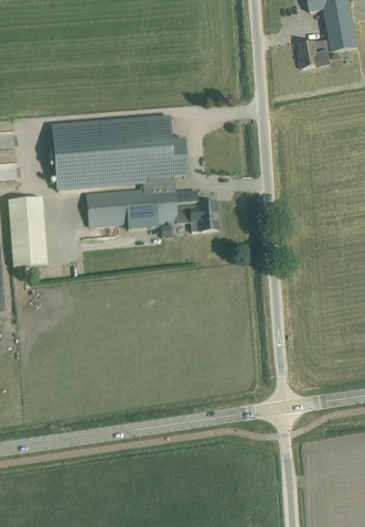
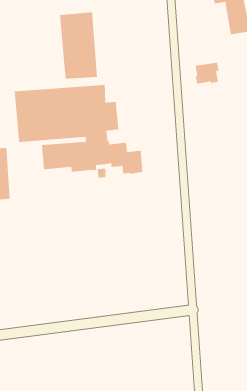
building: none -> [59,11,98,79]
building: [299,39,331,67] -> [195,62,220,84]

